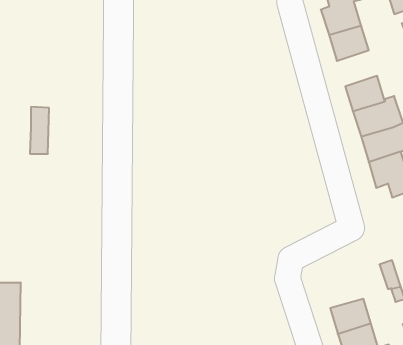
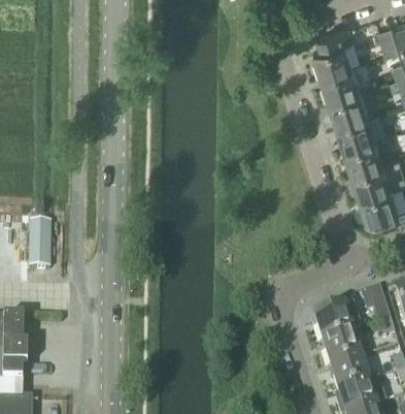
building: none -> [328,88,367,123]
building: [30,107,49,154] -> [31,218,49,263]
building: none -> [312,299,360,338]

